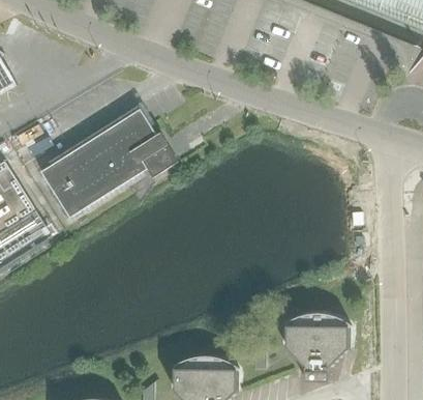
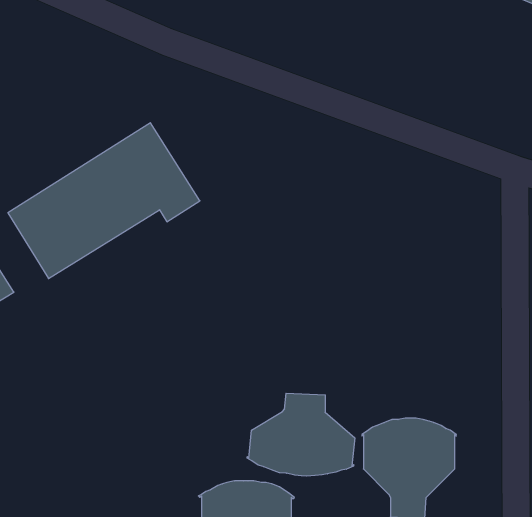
building: none -> [247,393,355,476]

